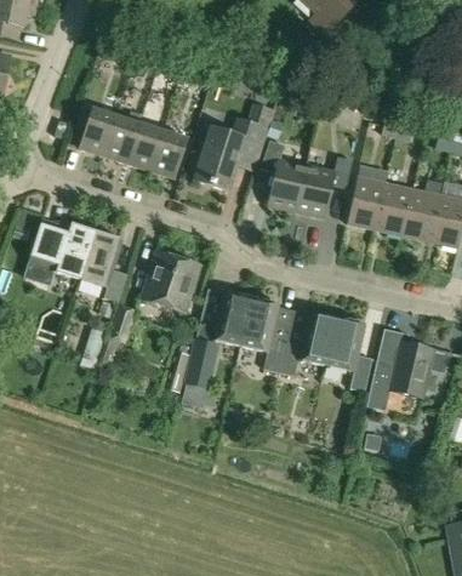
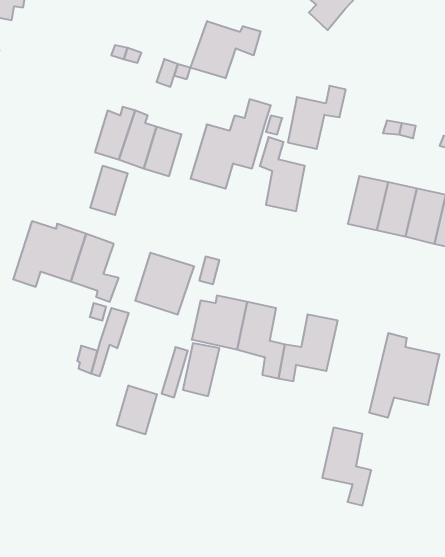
building: none -> [190,21,261,78]
building: [79,107,115,154] -> [90,166,128,215]
building: [297,156,353,217] -> [288,86,346,149]
building: [326,316,373,392] -> [322,428,371,506]
building: none -> [117,385,157,434]

